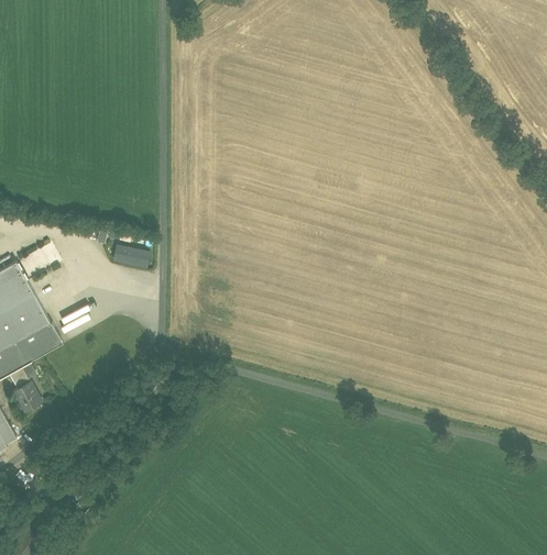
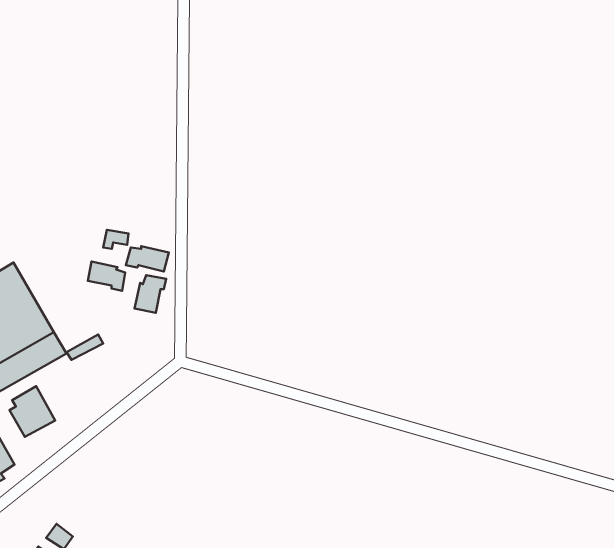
building: none -> [88,261,125,291]
building: none -> [134,275,166,313]

